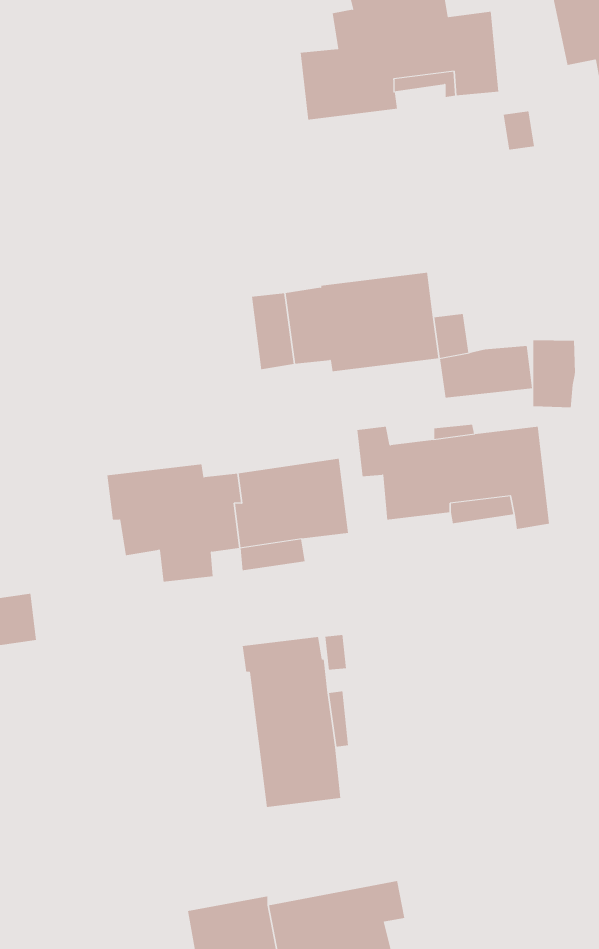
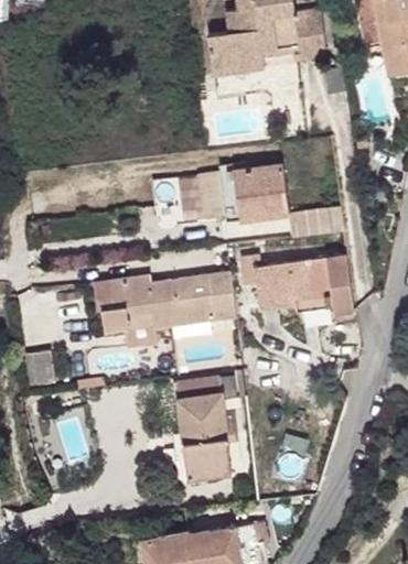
building: [533,339,575,408] -> none

